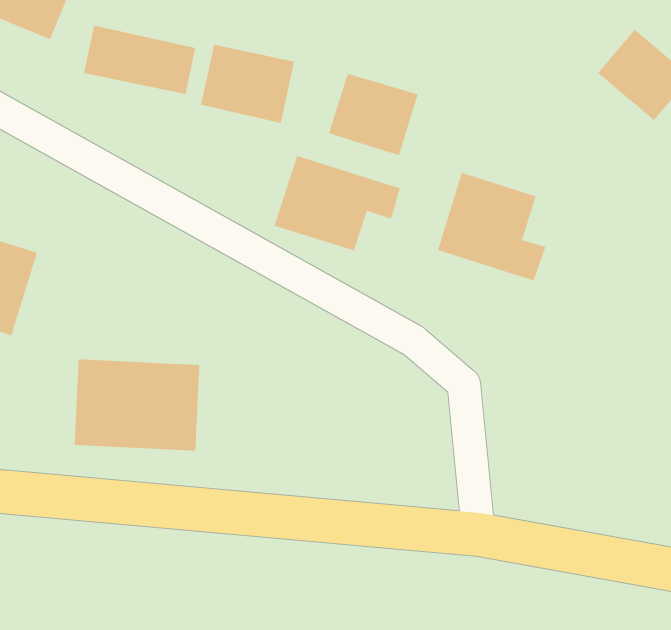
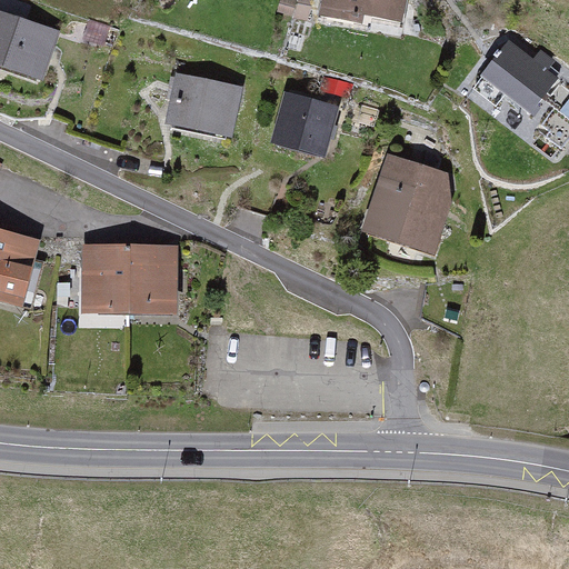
building: [83,25,196,95] -> none
building: [274,155,401,251] -> none
building: [74,359,200,451] -> [83,252,182,322]

